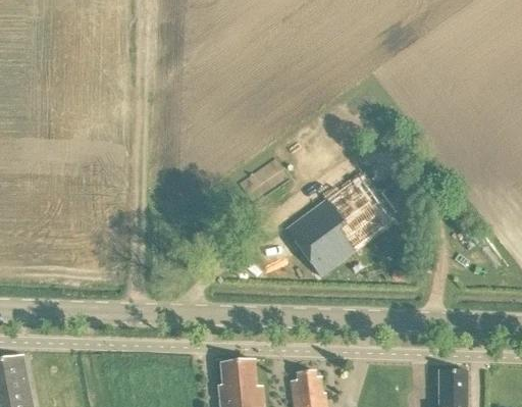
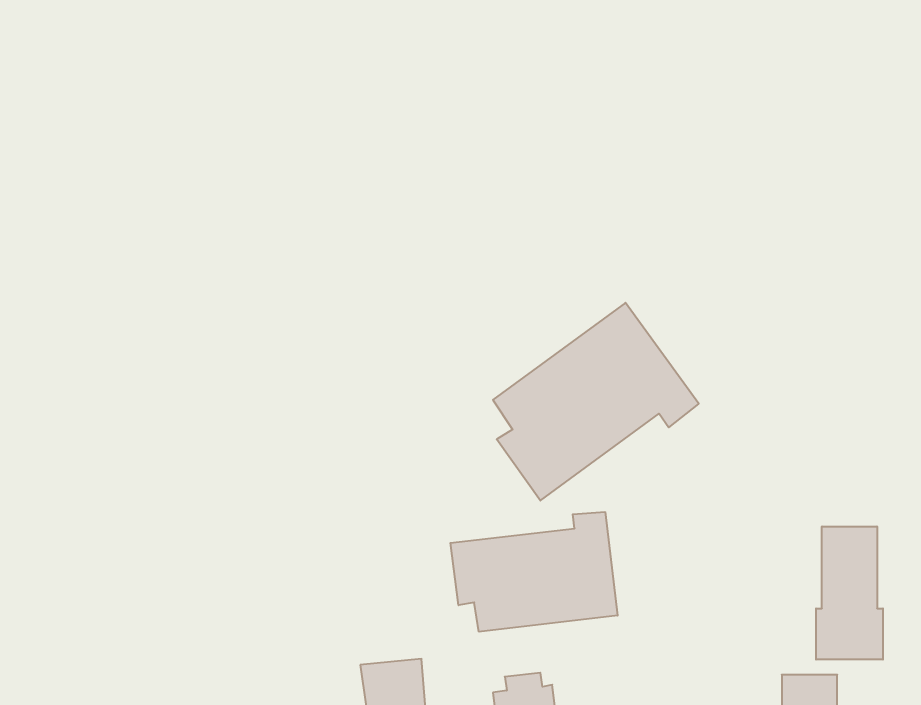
building: none -> [450,512,618,632]
building: none -> [816,526,883,660]

